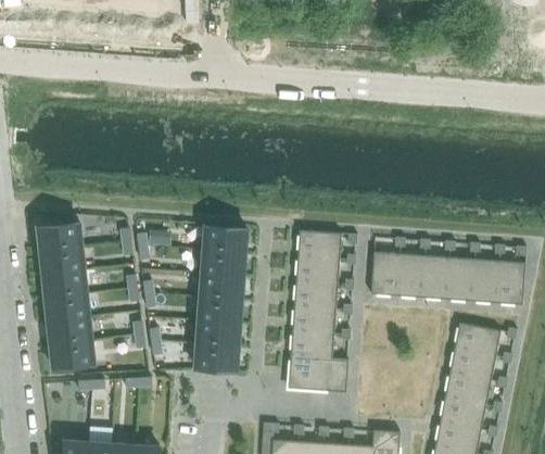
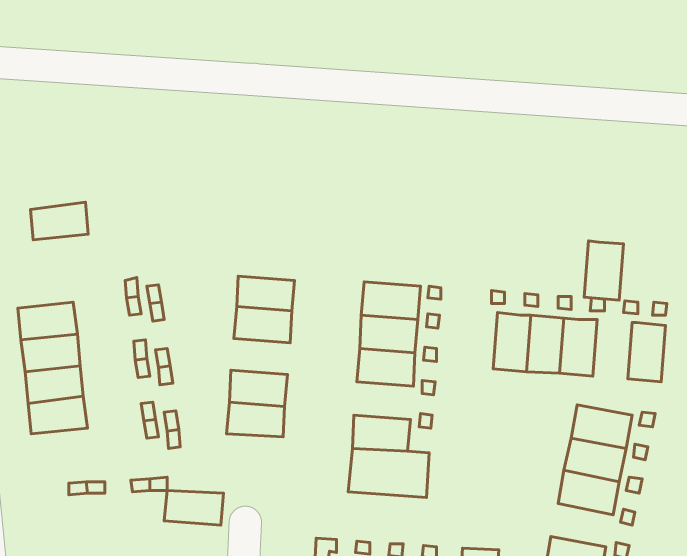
building: [37,222,80,250] -> [30,202,88,240]
building: [370,252,398,295] -> none
building: [470,258,499,303] -> [584,241,623,300]
building: [199,273,243,300] -> none
building: [291,305,335,333] -> none
building: [49,340,93,368] -> none
building: [193,344,238,370] -> [164,490,224,525]
building: [439,396,485,429] -> none

